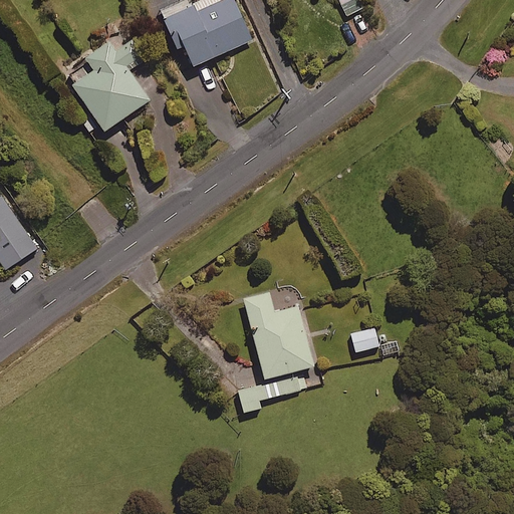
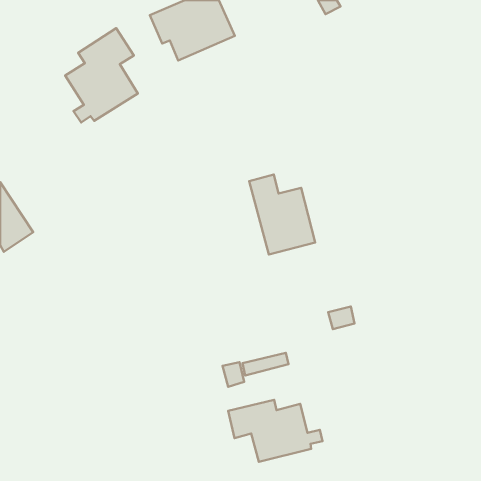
building: [243,292,313,377] -> [249,174,315,255]
building: none -> [228,400,322,462]

